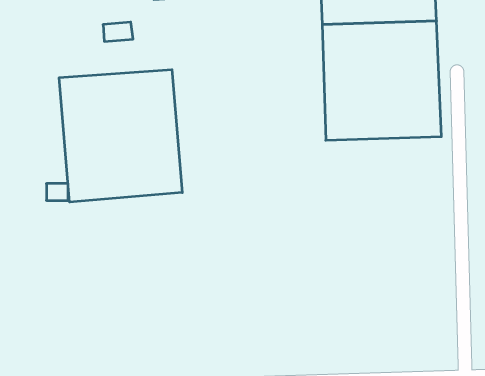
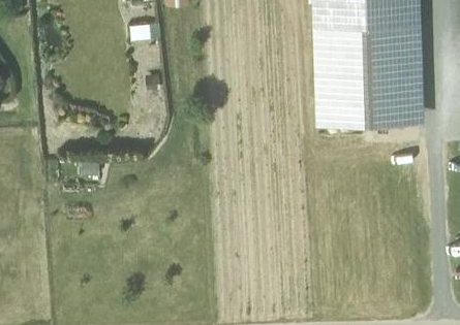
building: [59,70,182,202] -> none

